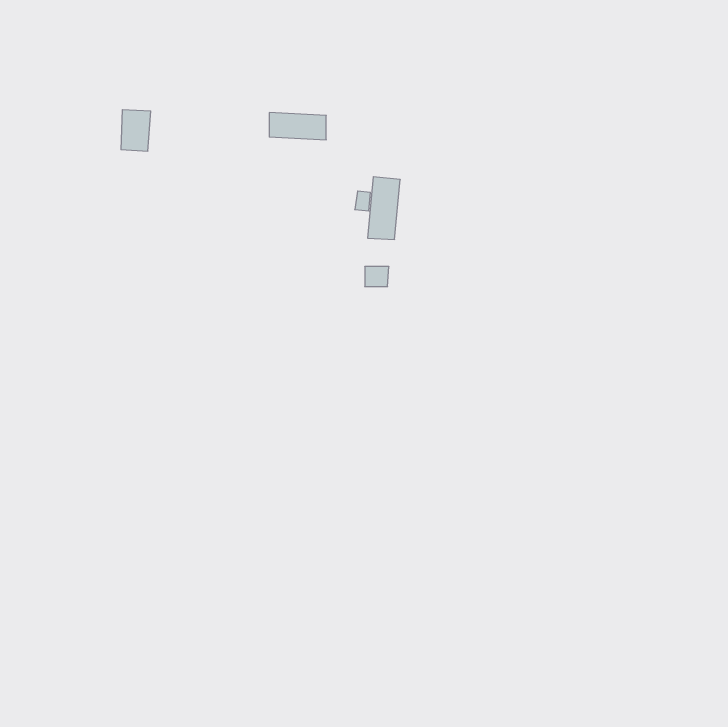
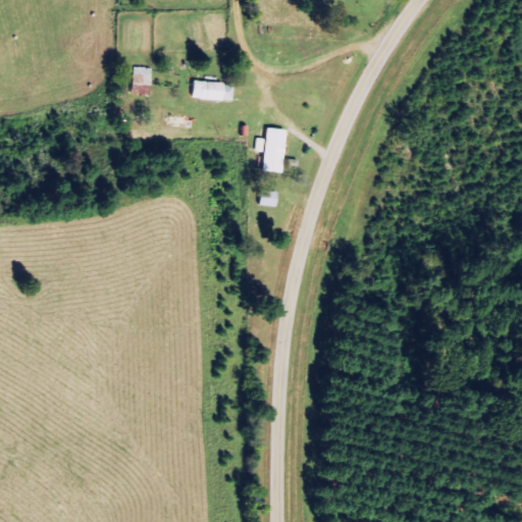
building: [121,110,151,151] -> [130,65,152,95]

